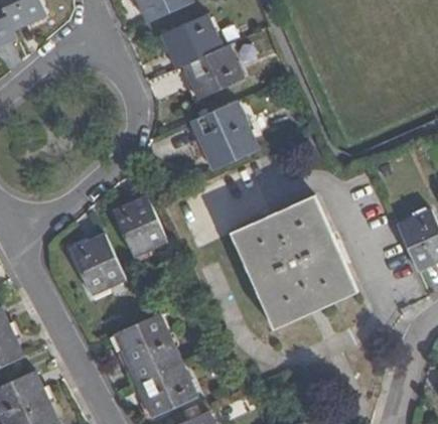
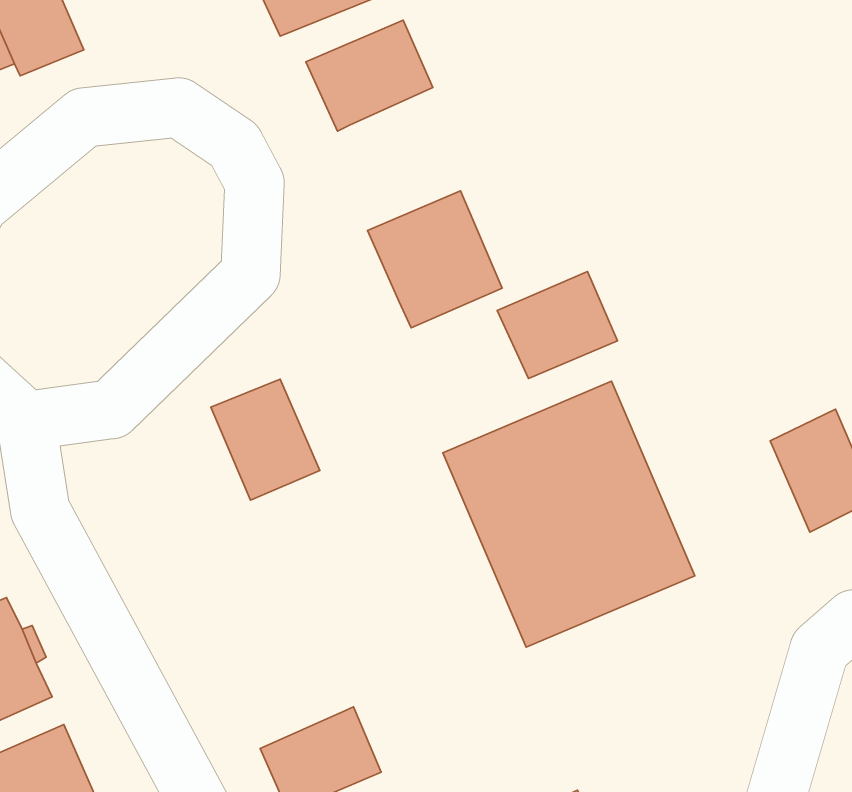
building: [181,44,246,102] -> none
building: none -> [497,271,617,378]
building: [67,232,124,293] -> none
building: [112,314,179,384] -> none

